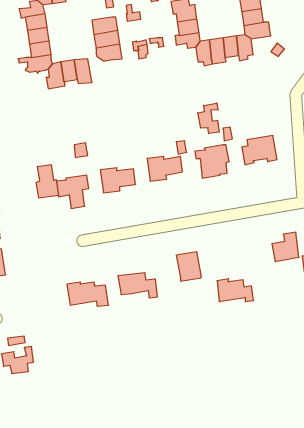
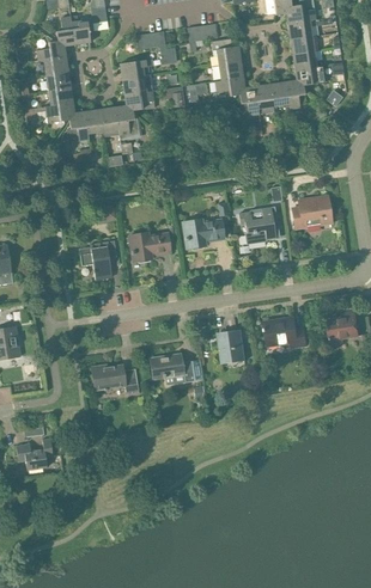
building: none -> [115,105,139,139]
building: [198,103,219,134] -> none
building: [36,165,58,198] -> none
building: [217,279,254,302] -> [264,320,306,347]

